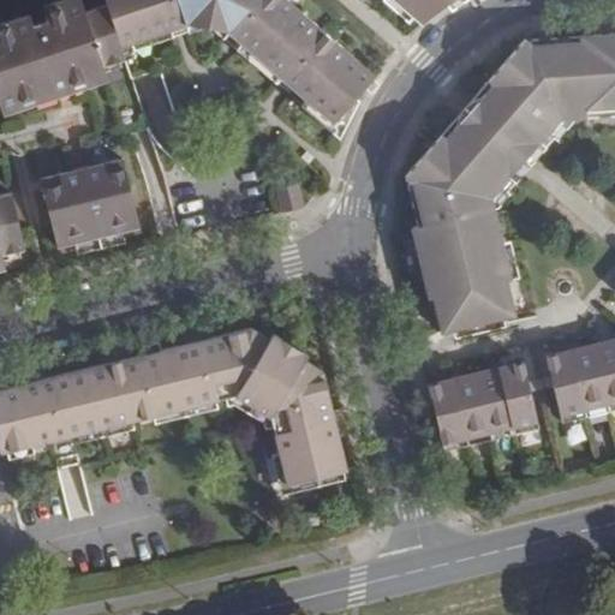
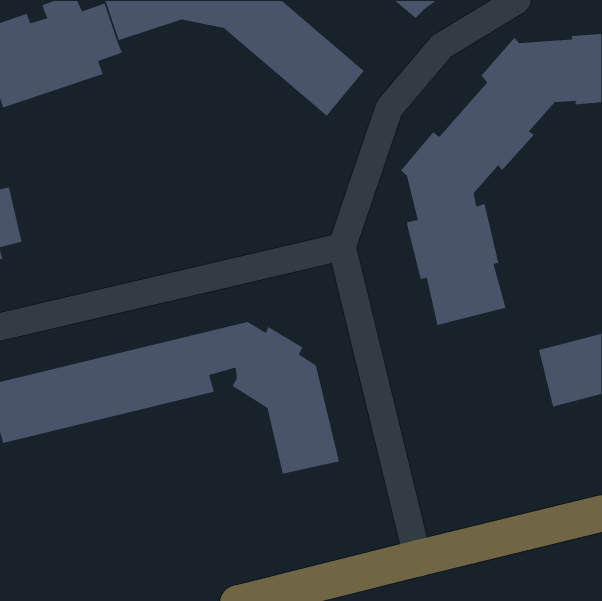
building: [40,161,138,246] -> none
building: [428,364,537,446] -> none

